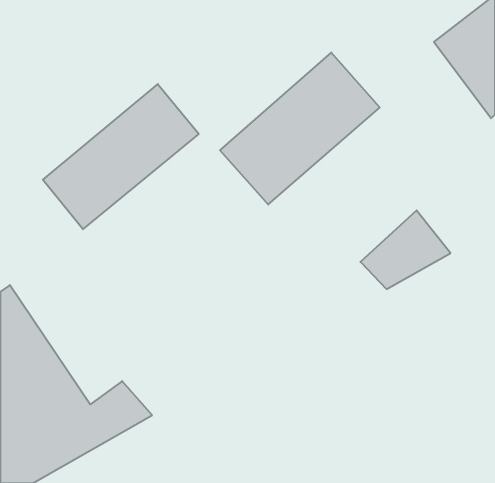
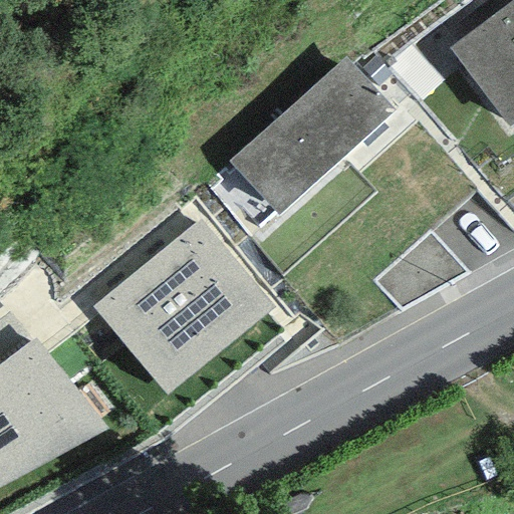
building: [43,84,199,229] -> none
building: none -> [92,219,276,399]

